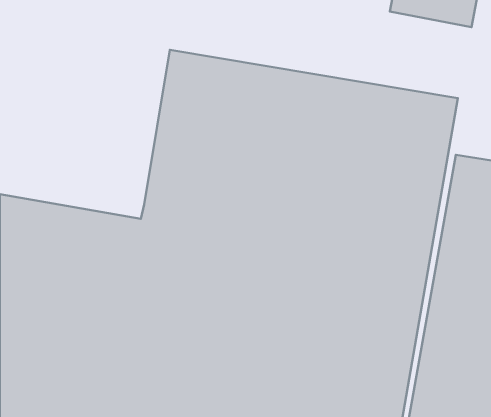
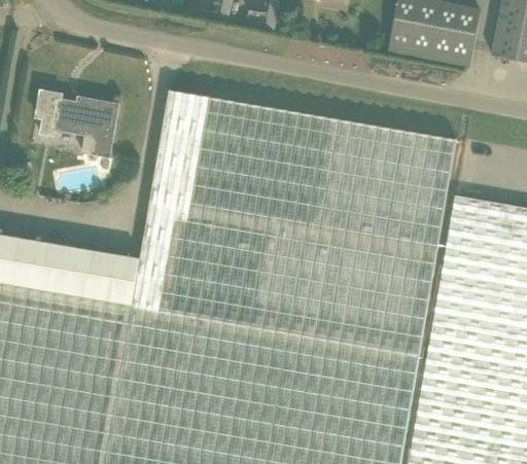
building: none -> [36,90,120,157]

